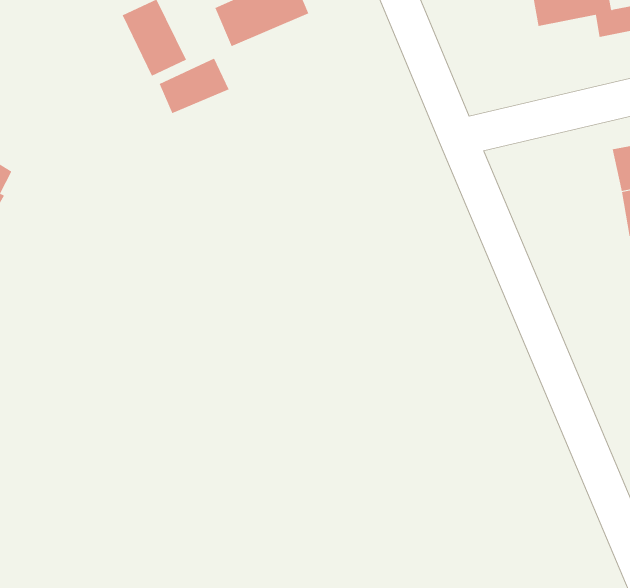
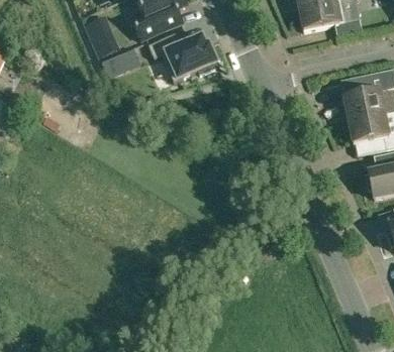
building: none -> [149,33,220,81]

